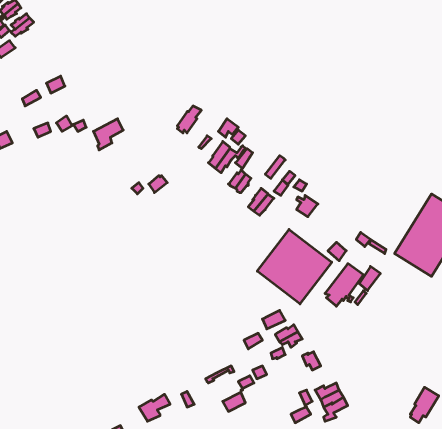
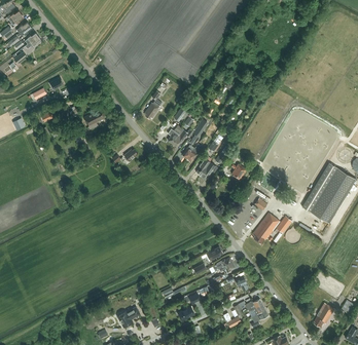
building: [257,229,332,304] -> none

